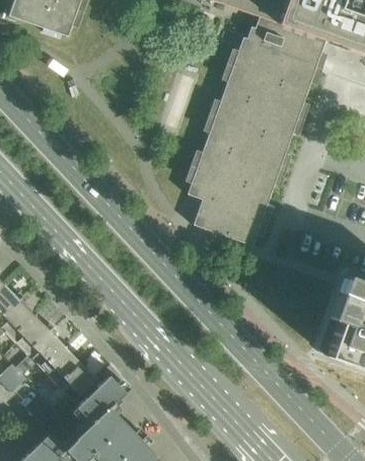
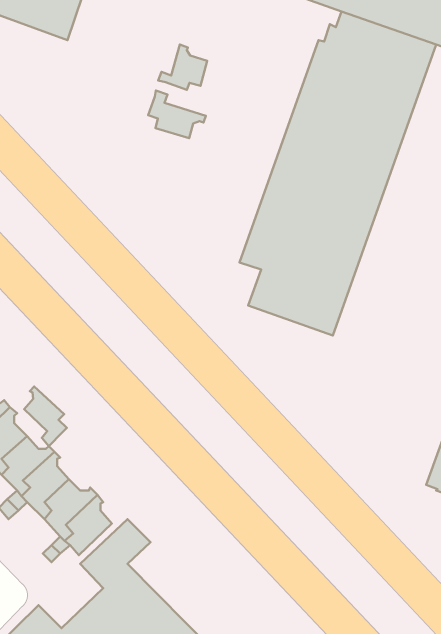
building: none -> [158,45,207,90]
building: none -> [148,90,206,138]
building: none -> [24,387,67,446]

